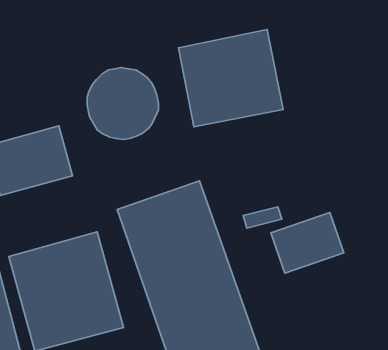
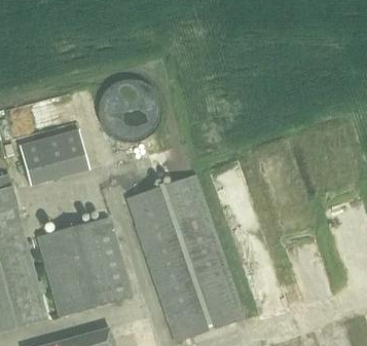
building: [178,30,283,127] -> none
building: [271,212,344,273] -> none

